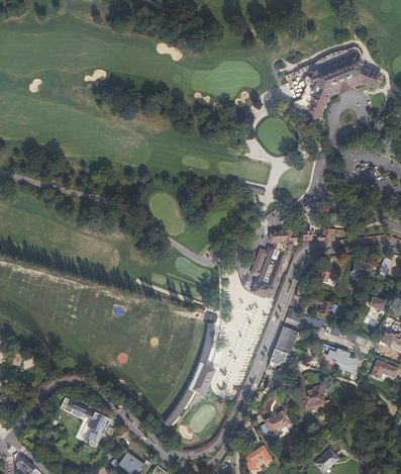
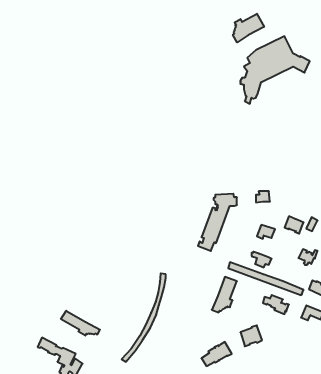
building: none -> [233,14,264,42]
building: none -> [61,311,100,336]

